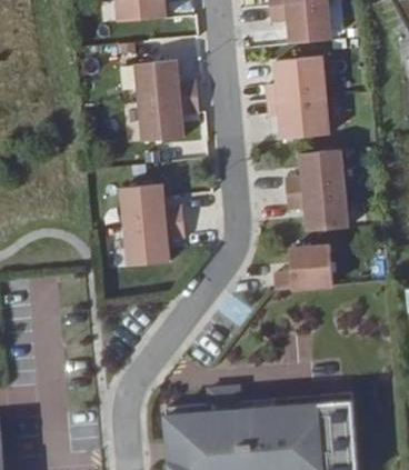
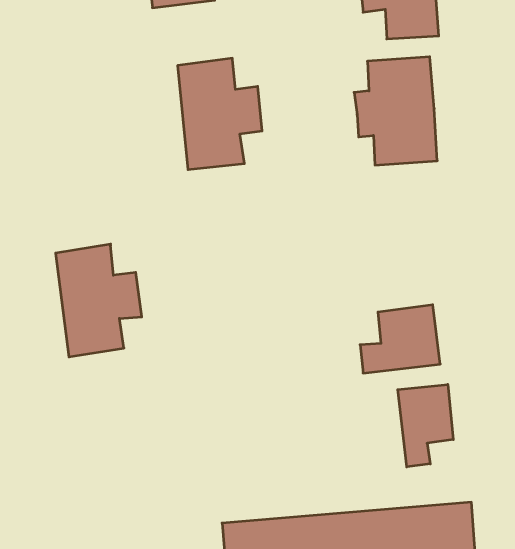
building: [289,152,351,234] -> none
building: [111,197,176,281] -> [56,244,142,357]
building: none -> [398,384,453,467]

